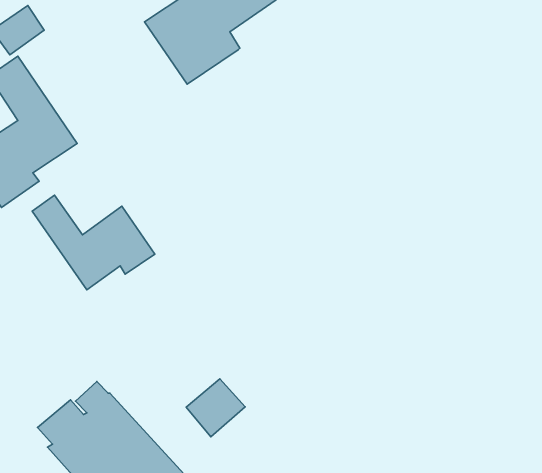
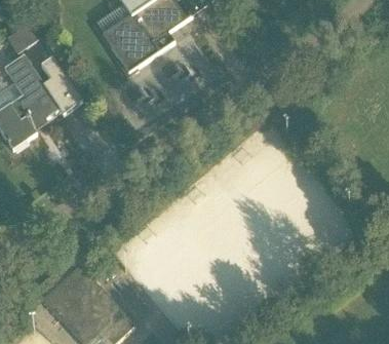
building: [32,195,155,290] -> none
building: [186,379,245,437] -> none

